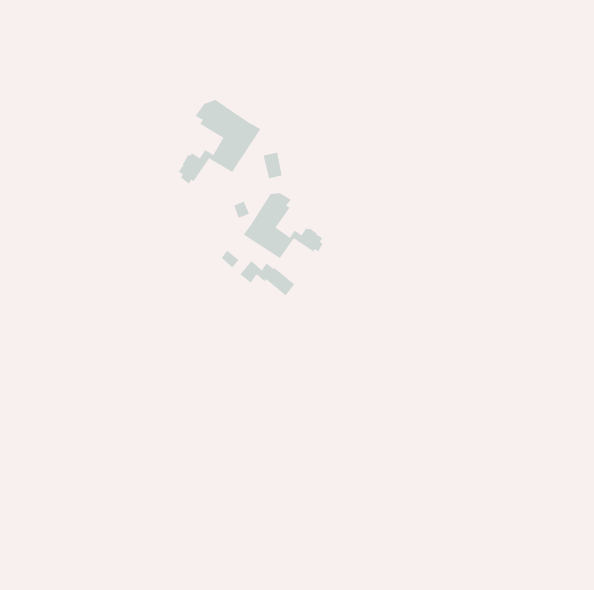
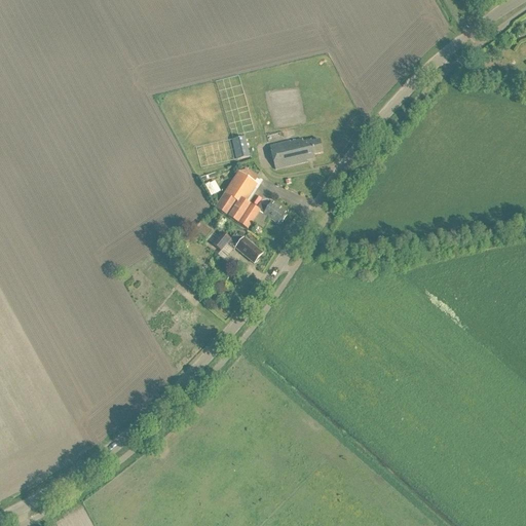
building: [178,99,261,185] -> none
building: none -> [268,139,320,168]

